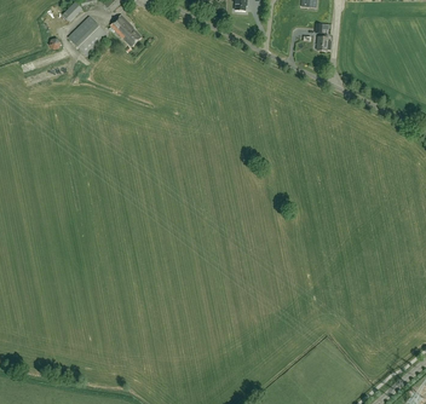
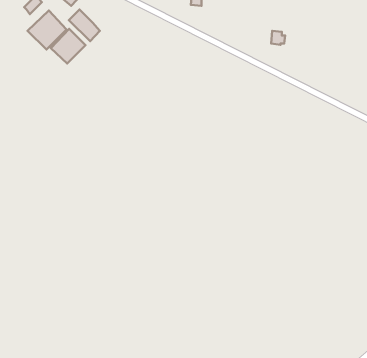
building: none -> [51,29,85,64]

